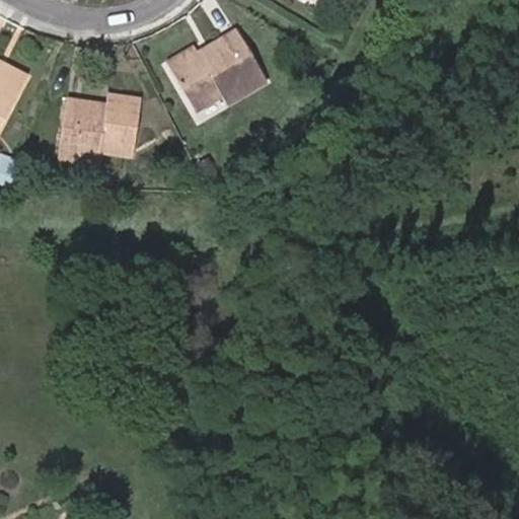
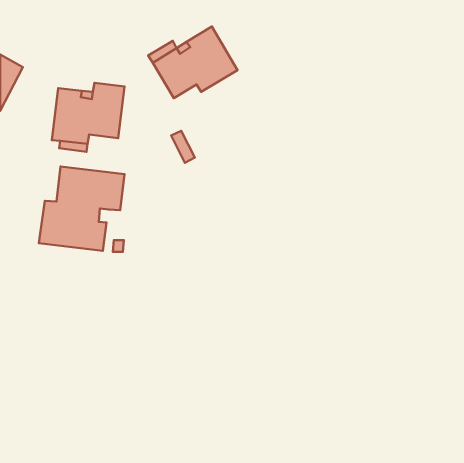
building: none -> [39,166,124,251]

